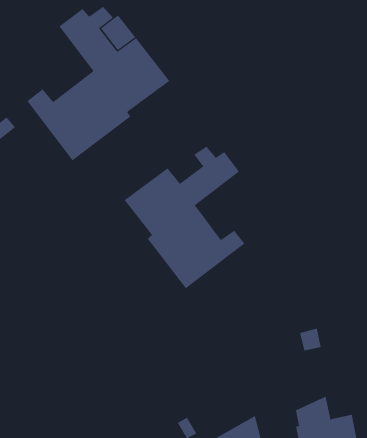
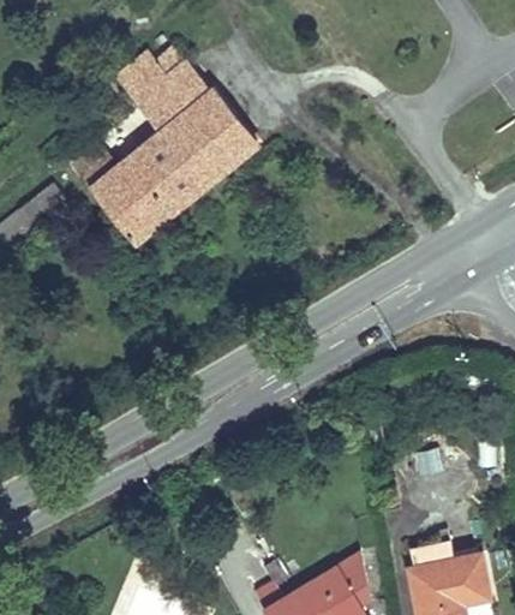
building: [124,146,245,289] -> none

